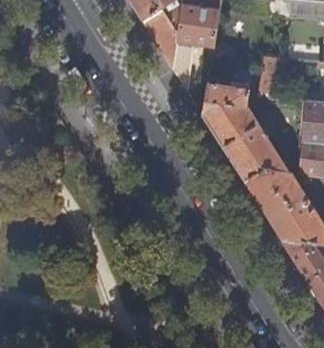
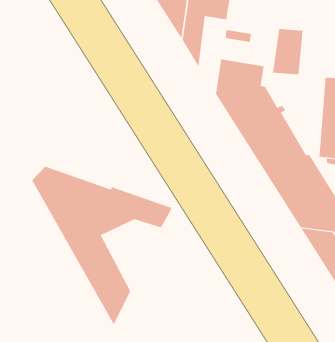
building: none -> [32,166,172,325]

